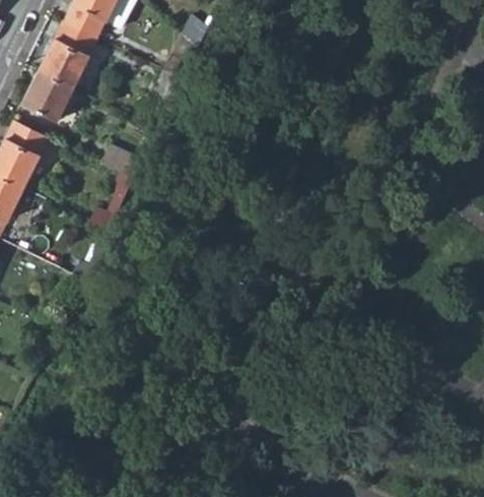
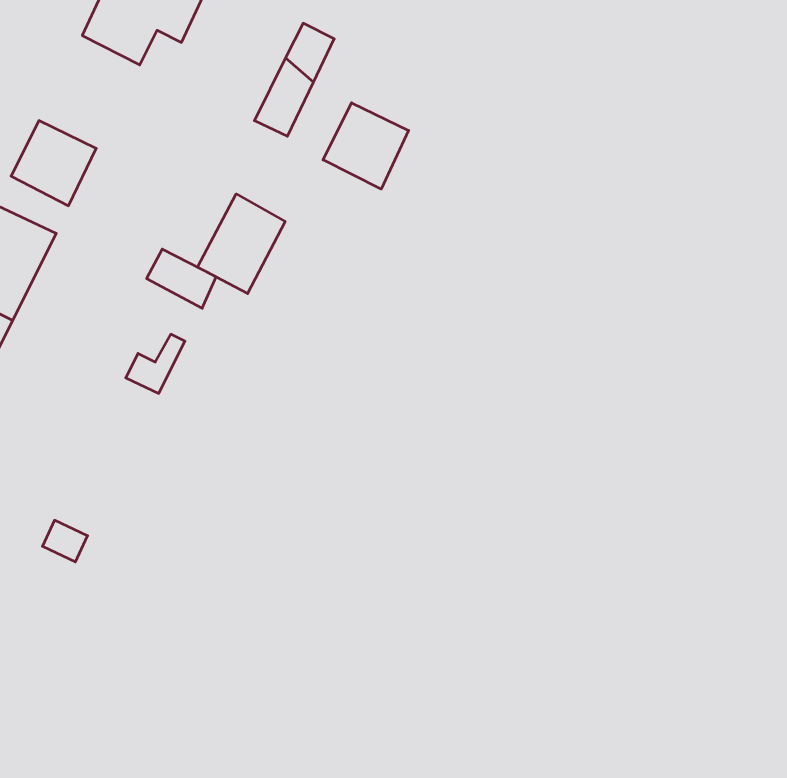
building: [39,21,97,87] -> none
building: none -> [323,103,409,189]
building: none -> [198,194,285,294]

